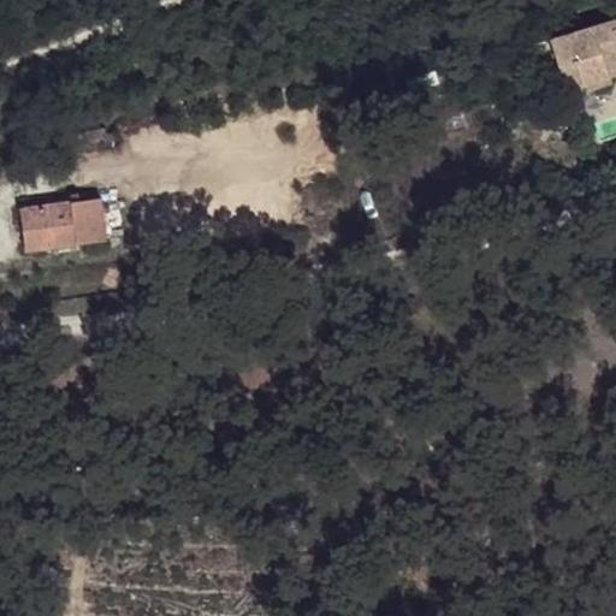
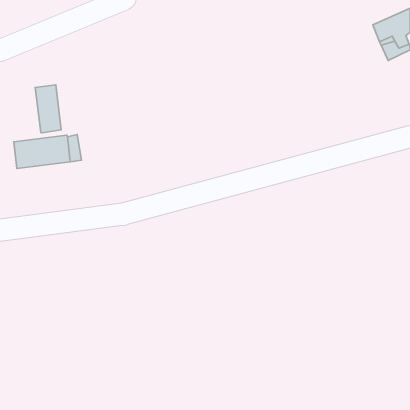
building: none -> [35,85,61,133]

